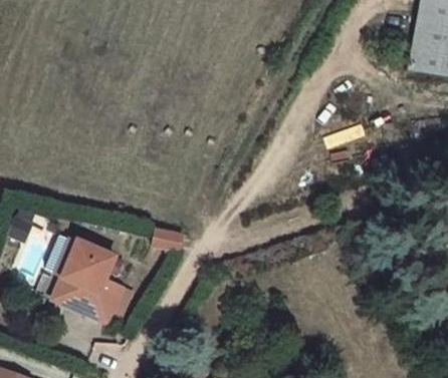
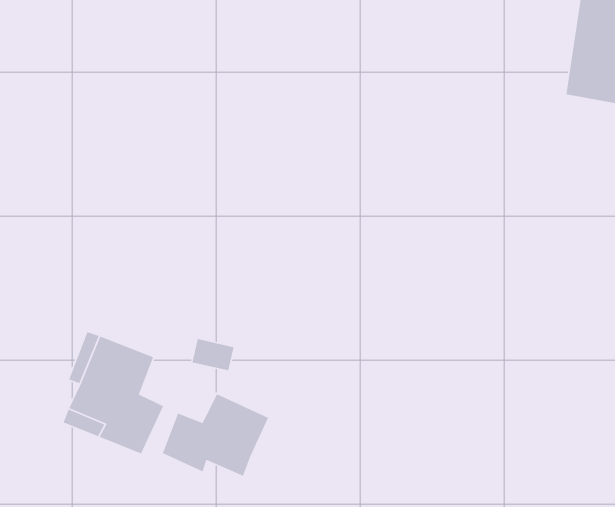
building: none -> [162,393,269,477]

